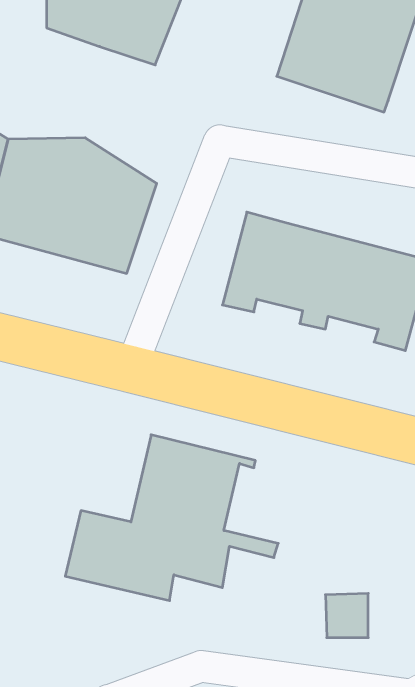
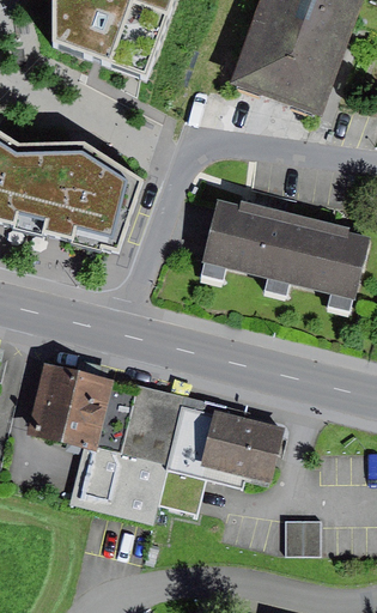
building: none -> [25,363,136,457]
building: none -> [197,408,280,481]

